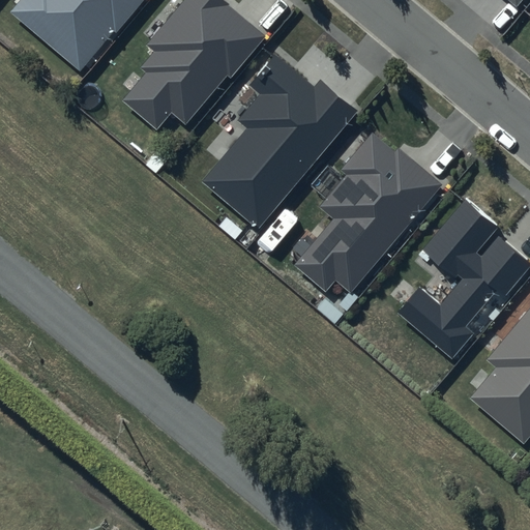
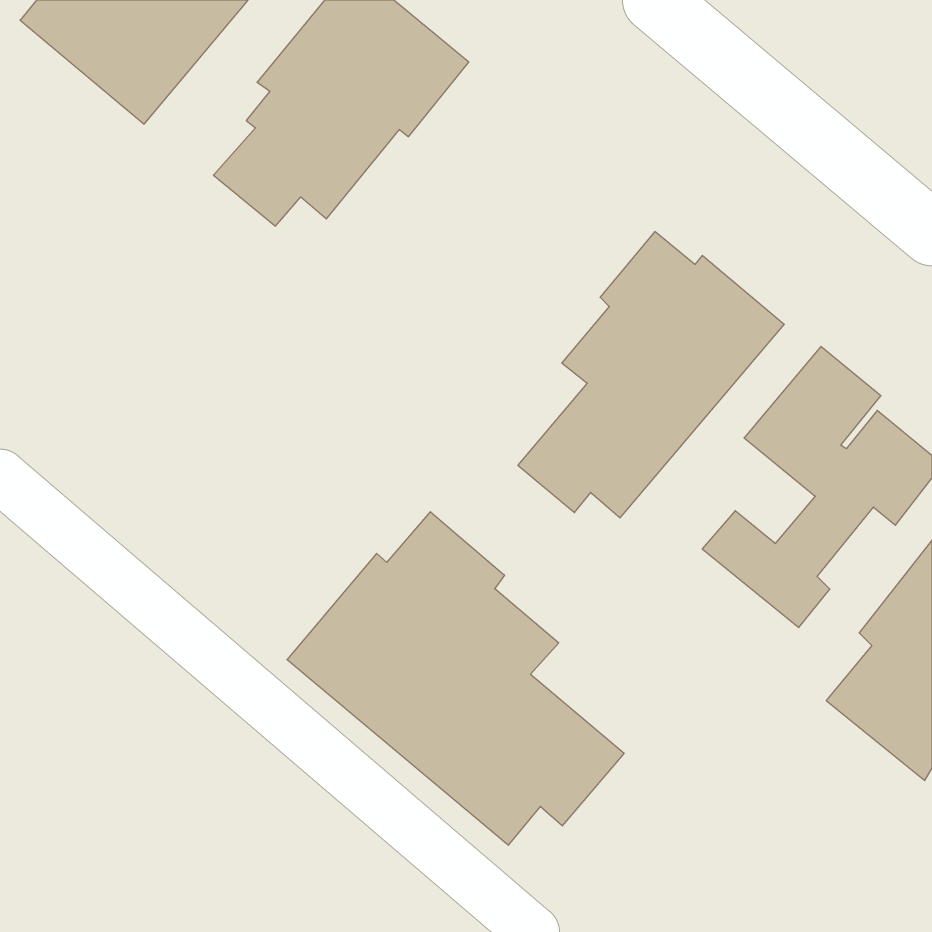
building: [201,56,358,229] -> none
building: none -> [287,512,624,845]

